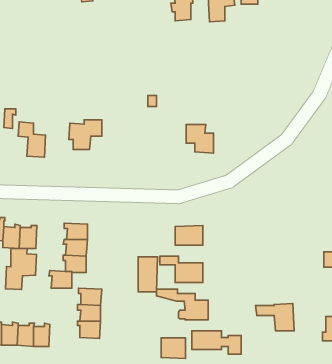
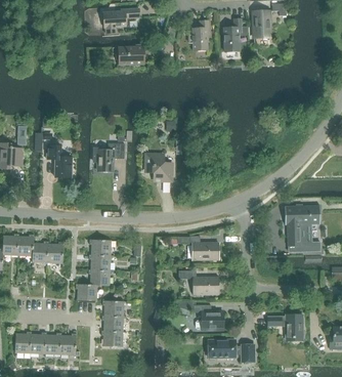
building: none -> [118,44,149,65]
building: [186,124,214,153] -> [145,155,171,181]
building: none -> [284,204,320,252]
building: [5,248,37,290] -> none
building: [138,257,158,292] -> none
building: [161,338,186,359] -> none

